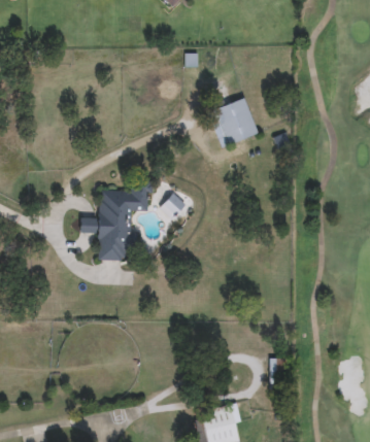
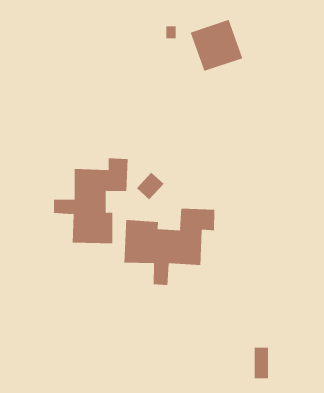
building: [208,98,259,147] -> [190,19,243,72]
building: none -> [124,208,215,286]

